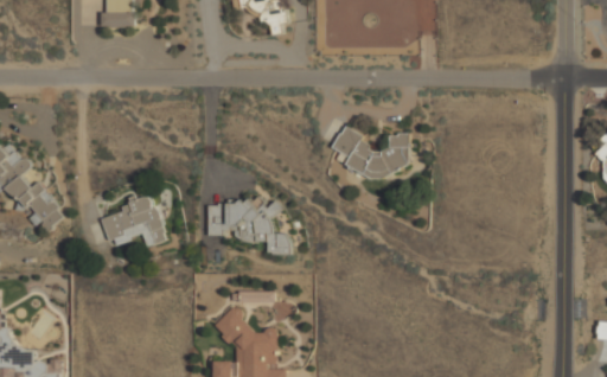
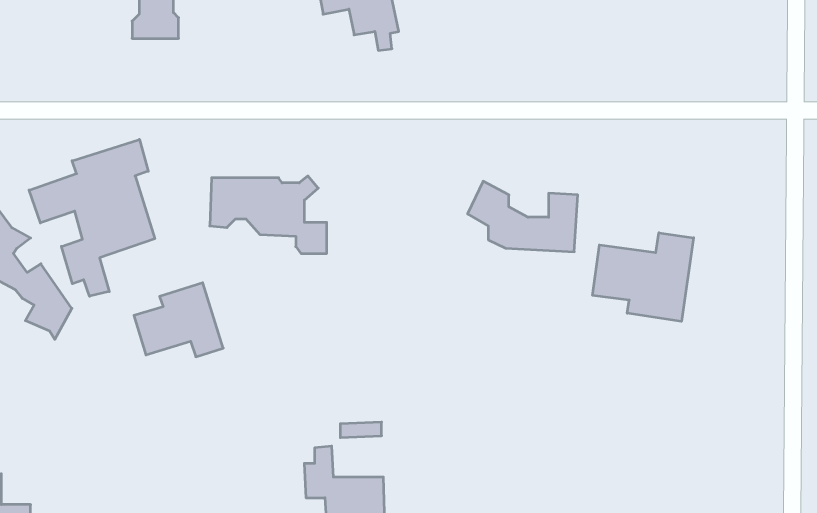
building: none -> [29,139,155,296]
building: none -> [593,233,694,321]
building: [207,202,288,255] -> [210,176,327,253]

